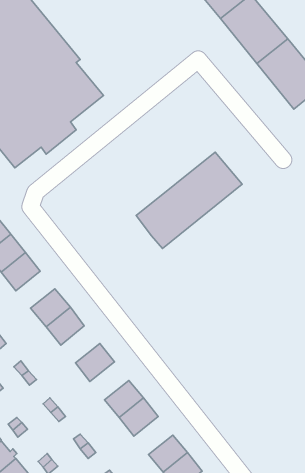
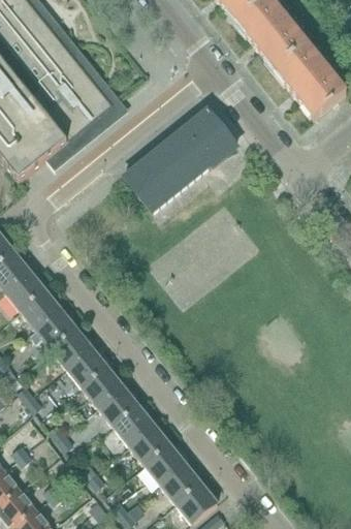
building: [136,152,242,249] -> [124,110,236,212]
building: none -> [20,290,61,330]
building: none -> [67,348,108,387]
building: none -> [98,386,139,427]
building: none -> [145,444,186,485]

